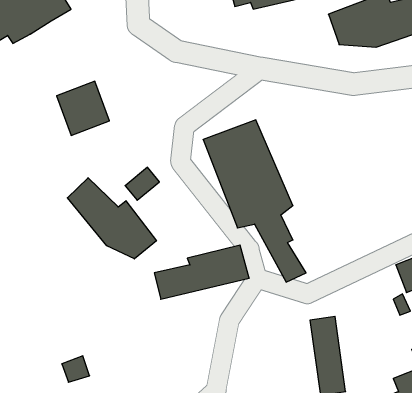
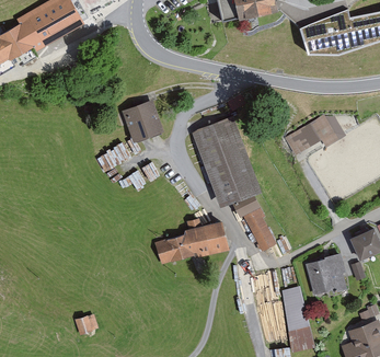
building: [57,81,109,135] -> [120,97,164,142]
building: none -> [280,113,341,163]
building: [67,178,156,259] -> none
building: none -> [304,254,349,295]

